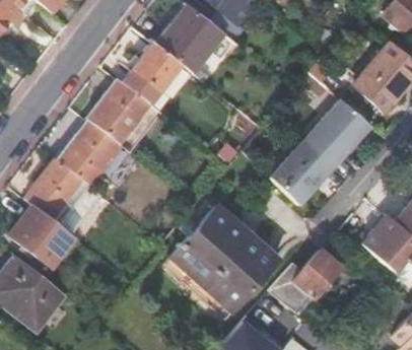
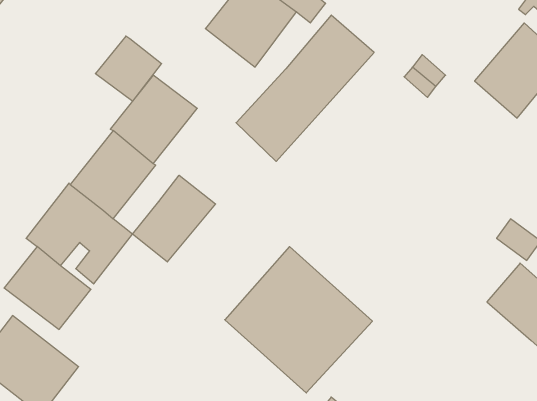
building: [131,43,180,90] -> [95,36,162,101]
building: [271,99,372,207] -> [236,15,374,161]
building: none -> [132,175,216,262]
building: [272,250,340,313] -> none

